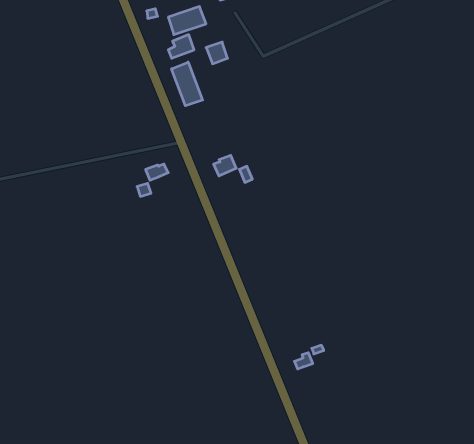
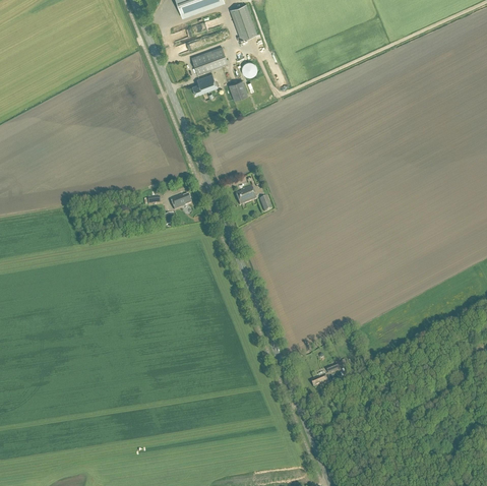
building: [172,62,203,106] -> none

